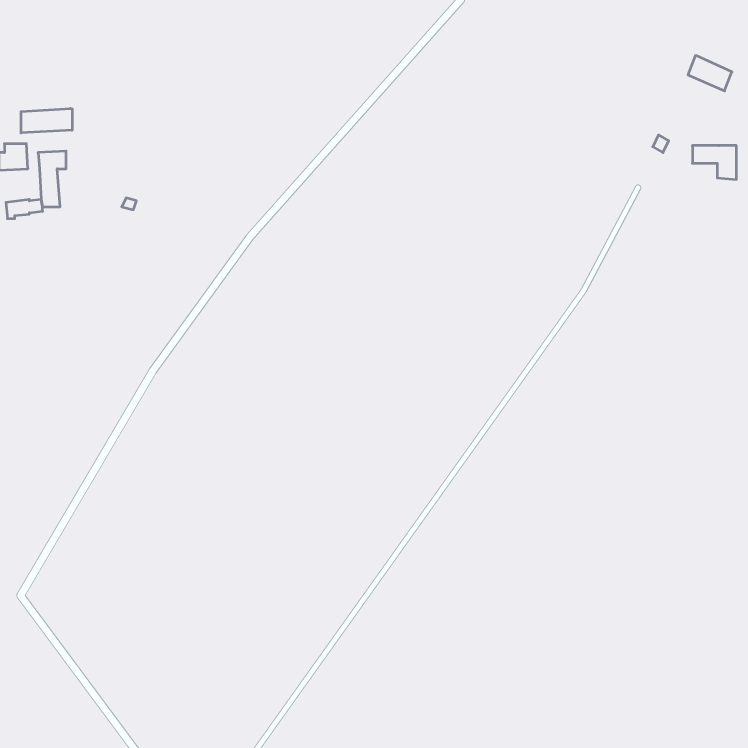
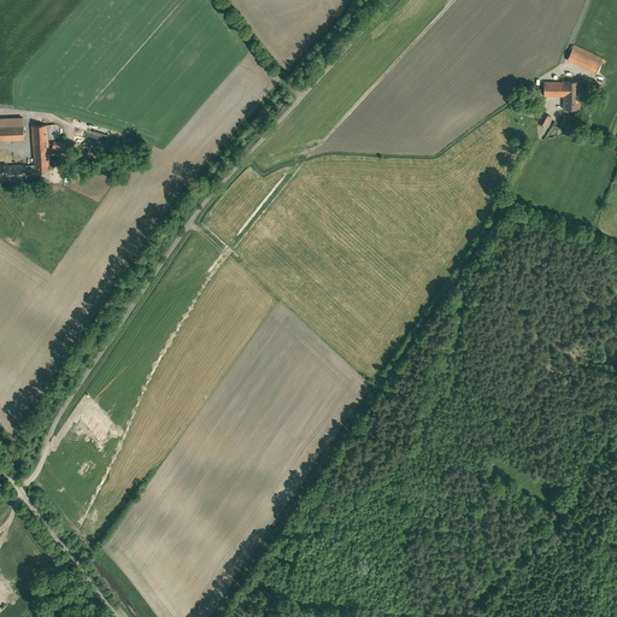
building: [21,108,72,133] -> none
building: [692,146,736,179] -> [541,84,577,112]

